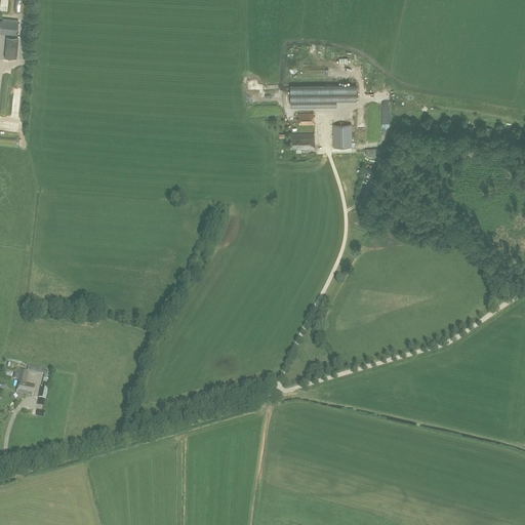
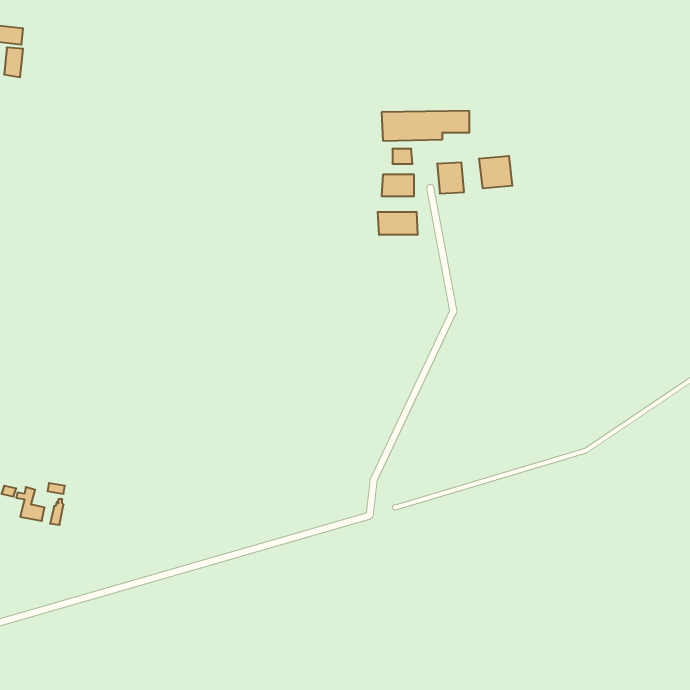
building: none -> [479,156,512,188]
building: none -> [378,212,417,235]

